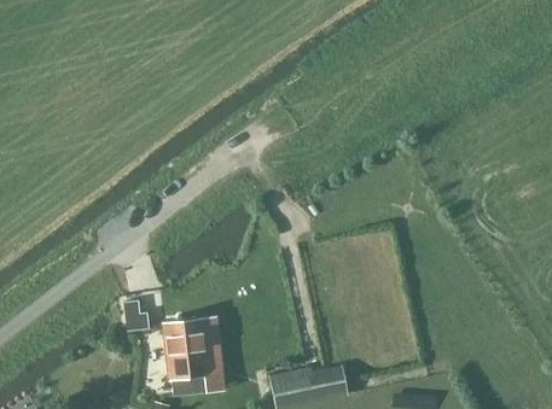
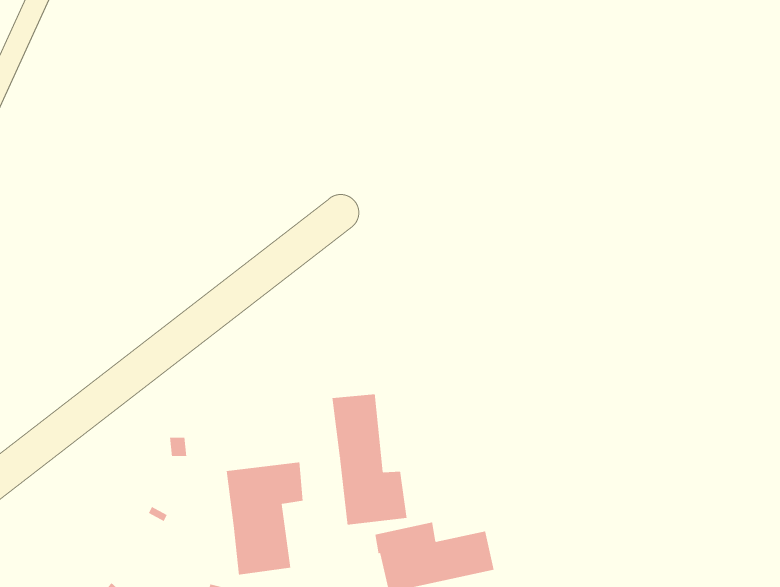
building: none -> [332,393,407,525]

